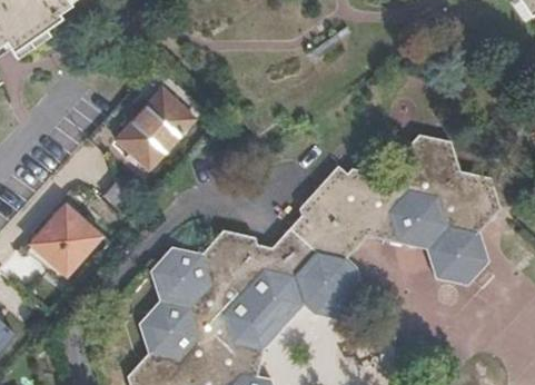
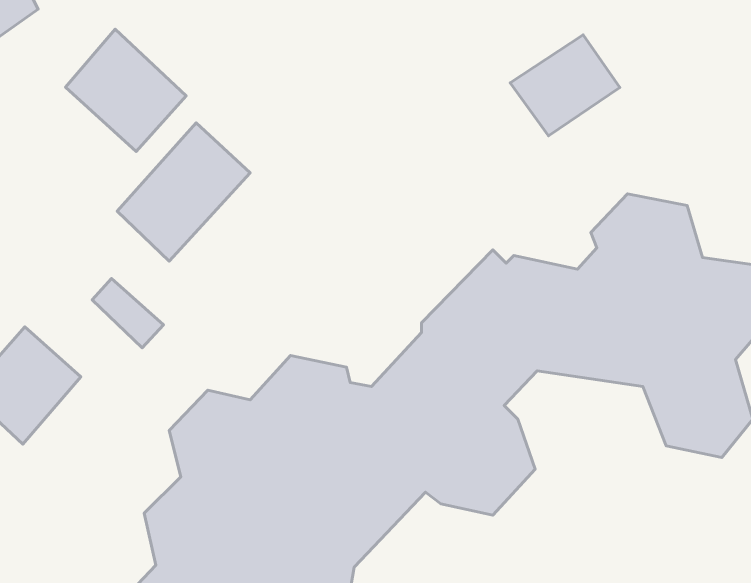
building: none -> [65,29,186,152]
building: none -> [510,35,620,136]

